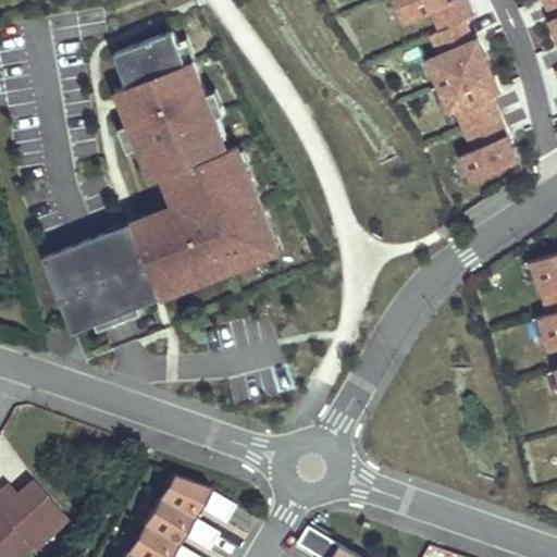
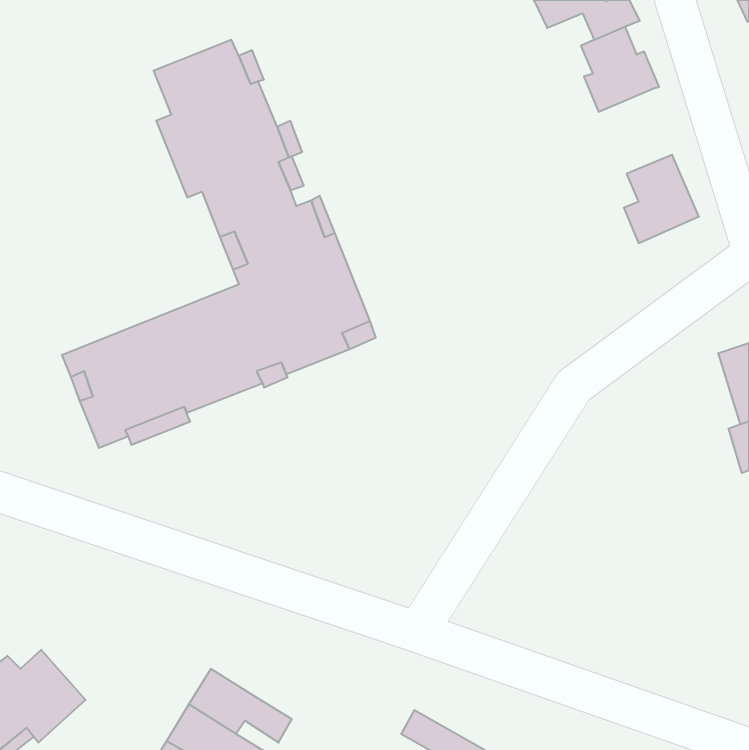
building: [437,67,496,131] -> none
building: [156,473,232,523] -> none

